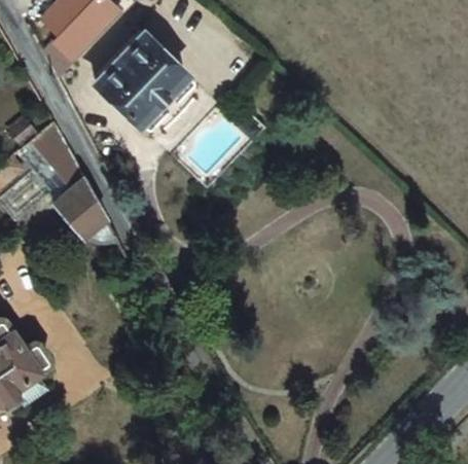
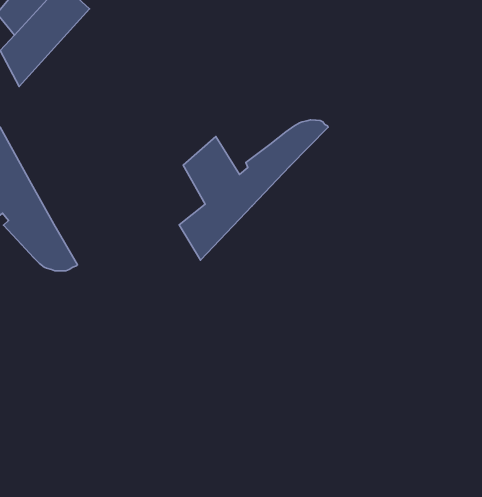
building: [97,45,187,135] -> none
building: none -> [179,120,328,260]

